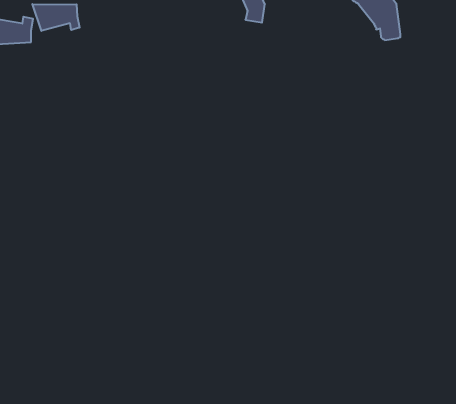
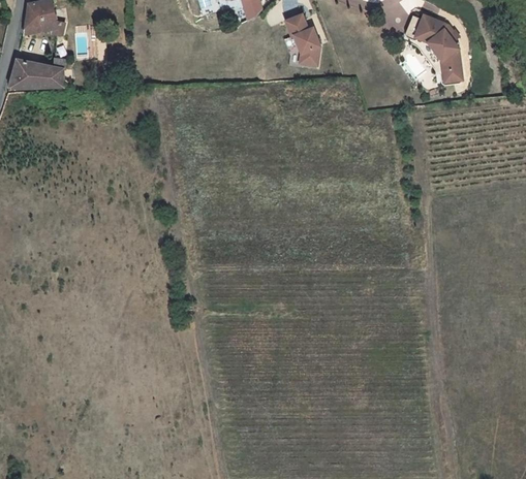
building: [32,4,80,31] -> none

